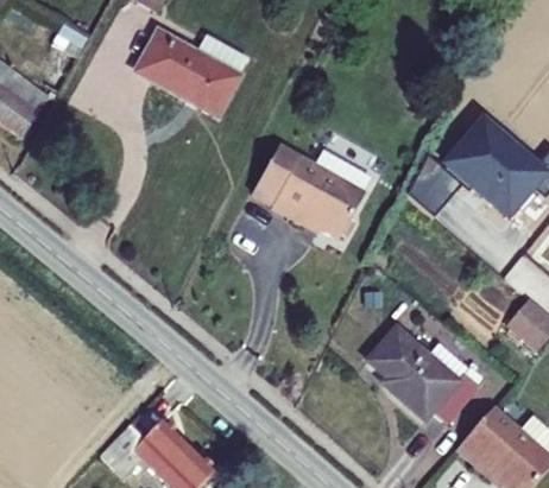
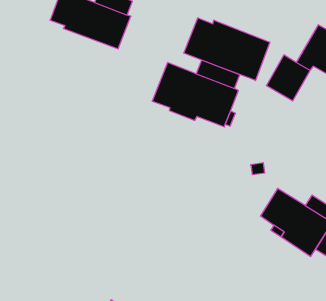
building: none -> [184,18,270,81]

